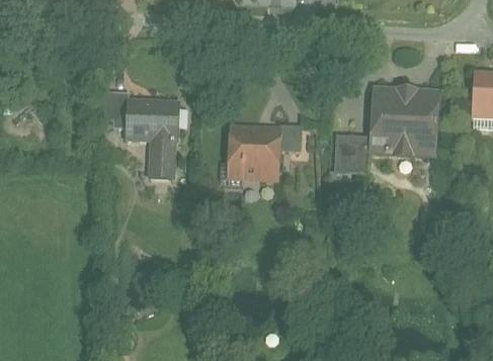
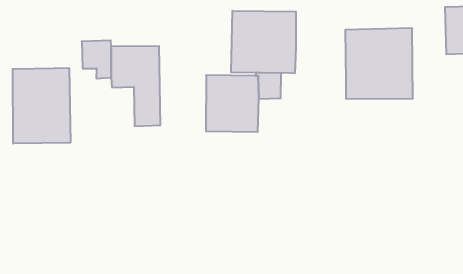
building: none -> [231,11,296,73]
building: none -> [13,68,70,144]
building: [333,138,368,175] -> none

